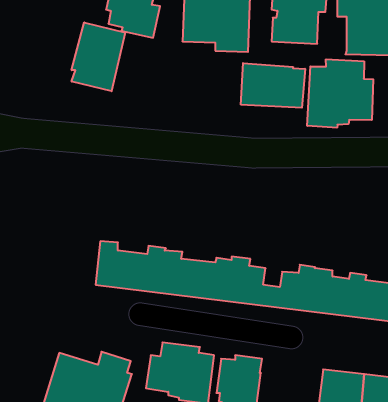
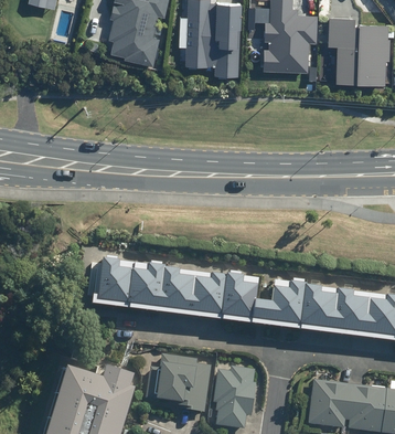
building: [72,22,125,91] -> none
building: [307,59,373,128] -> none
building: [241,63,305,108] -> none

